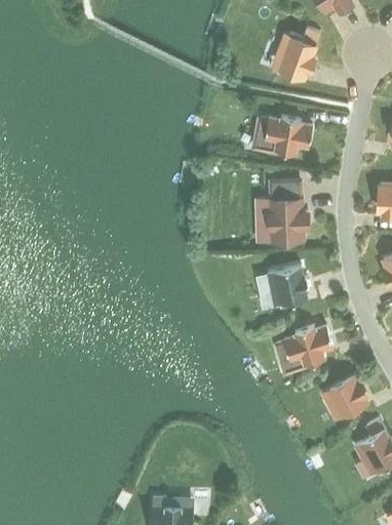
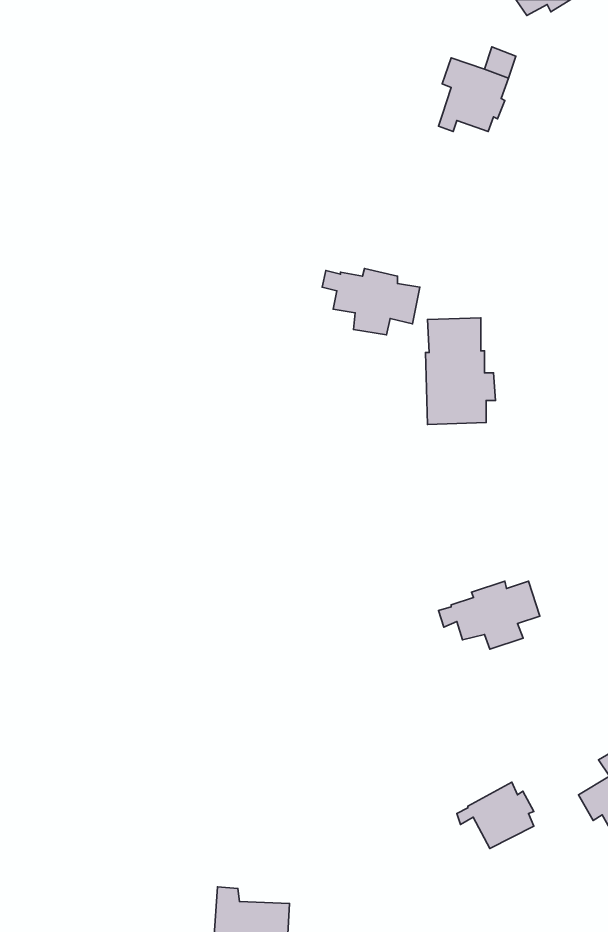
building: [258,118,312,155] -> [322,269,420,335]
building: [267,267,308,311] -> none
building: [322,378,365,415] -> [457,782,534,848]

